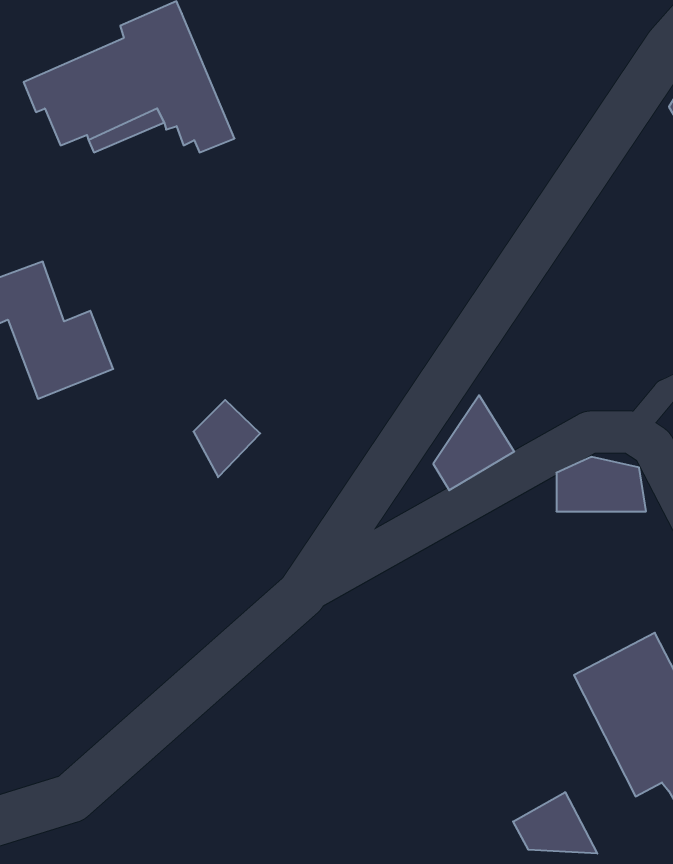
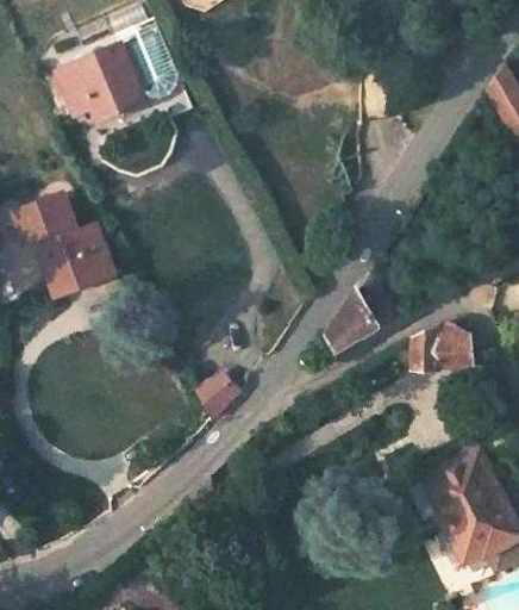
building: [193,400,260,477] -> [194,367,239,419]
building: [513,792,597,854] -> none

